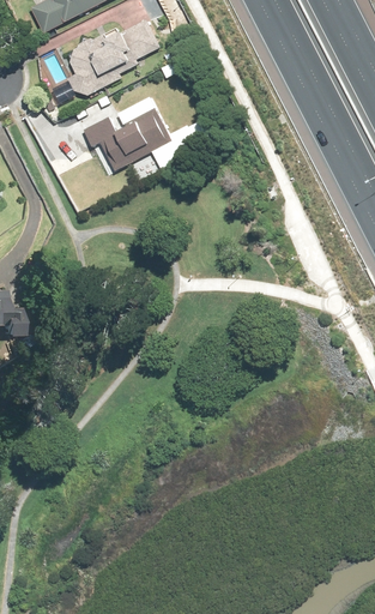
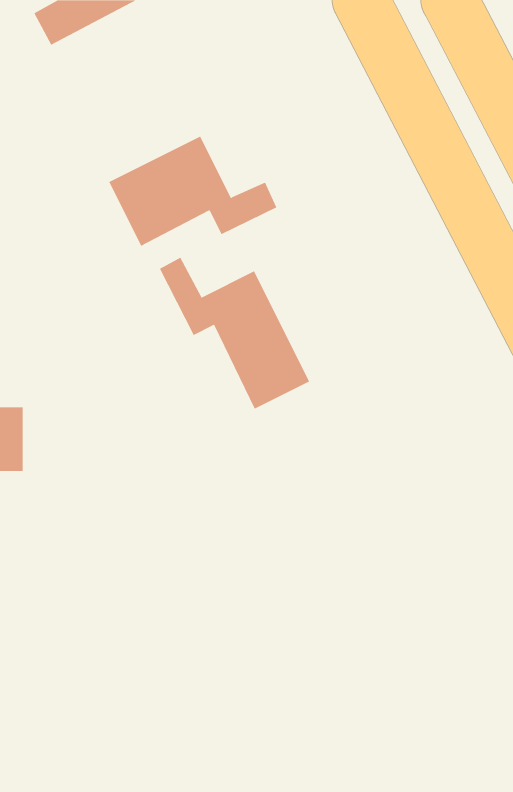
building: [67,20,161,96] -> none
building: none -> [159,257,310,409]

